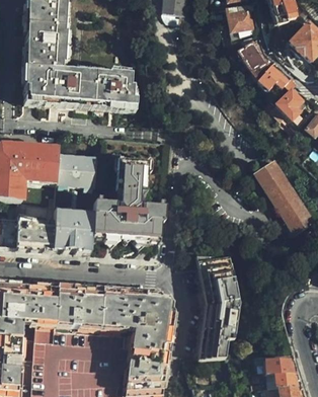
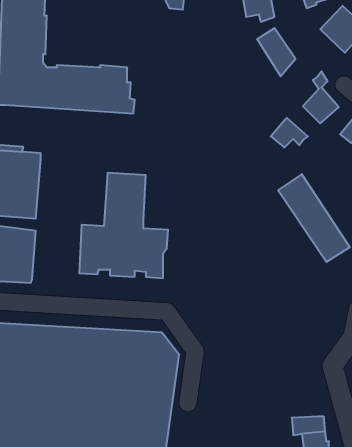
building: [256,66,287,90] -> [271,118,308,148]
building: [53,149,97,249] -> none
building: [195,253,238,361] -> none

